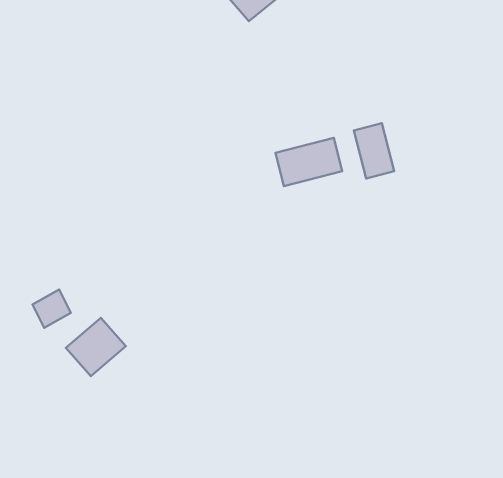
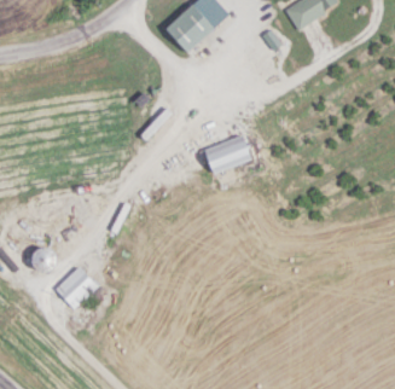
building: [354,123,394,178] -> none

